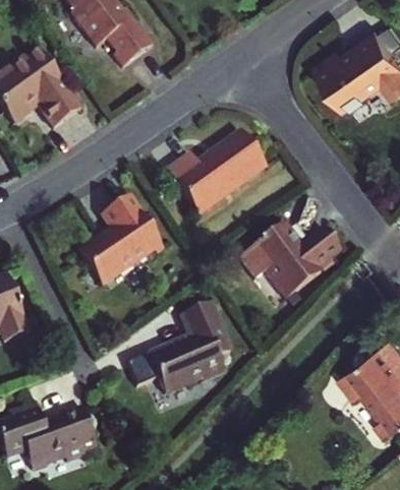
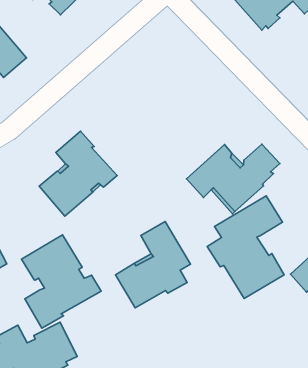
building: [166,131,264,213] -> none
building: none -> [207,196,284,298]
building: none -> [22,235,101,328]

